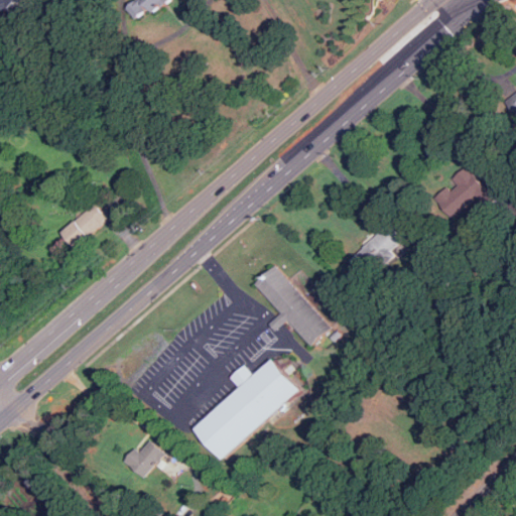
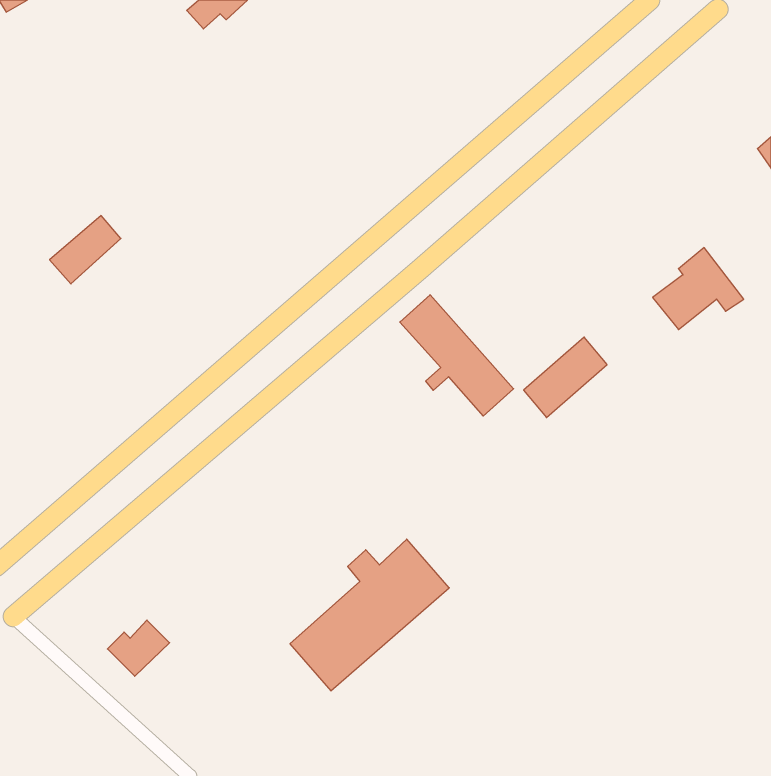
building: [58,204,106,249] -> [50,216,121,284]
building: [254,265,330,346] -> [400,295,514,416]
building: [123,439,164,477] -> [107,620,170,676]

